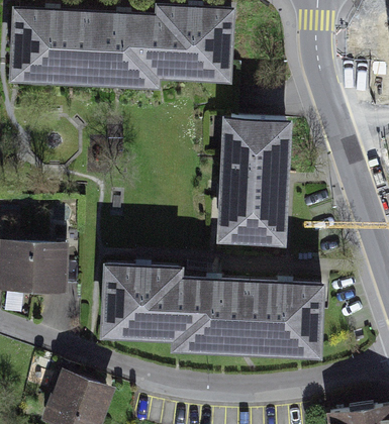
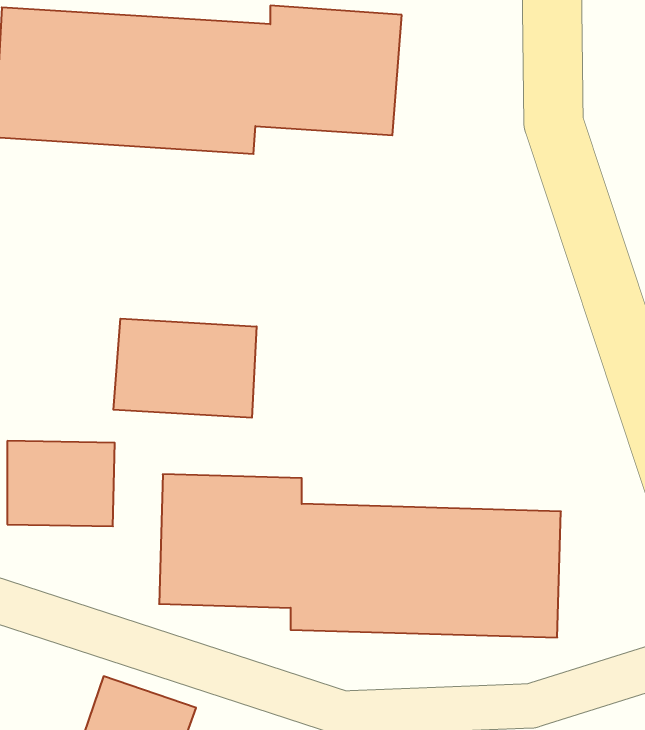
building: [219,118,290,242] -> none
building: none -> [113,319,257,418]

